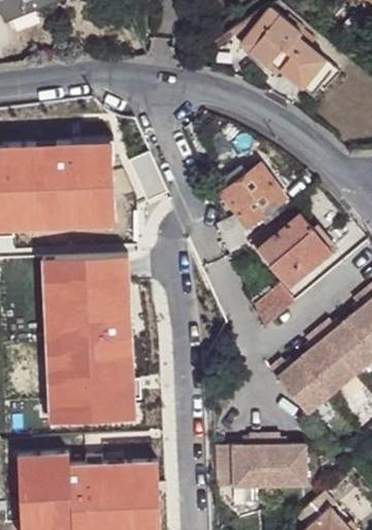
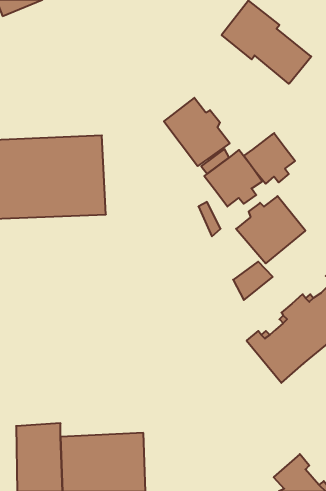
building: none -> [164,98,230,166]
building: none -> [244,133,295,184]
building: [44,259,135,424] -> none
building: [216,435,305,488] -> none

